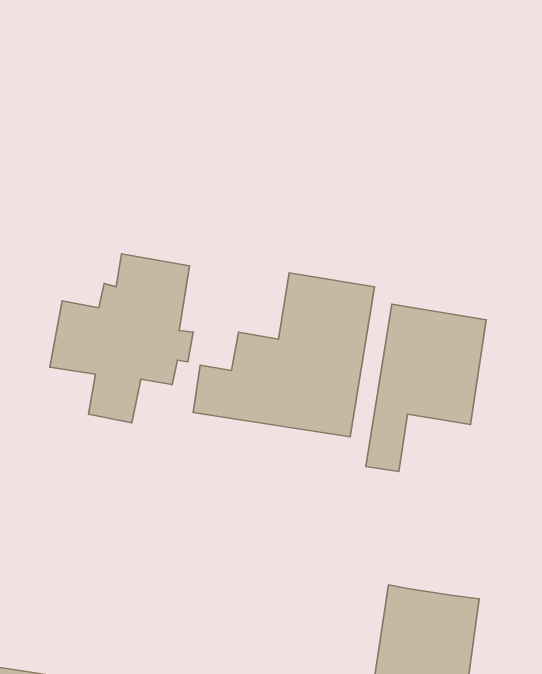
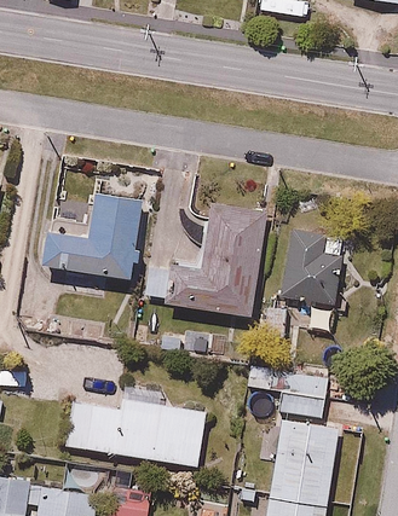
building: none -> [275,367,330,427]
building: none -> [63,400,209,471]

